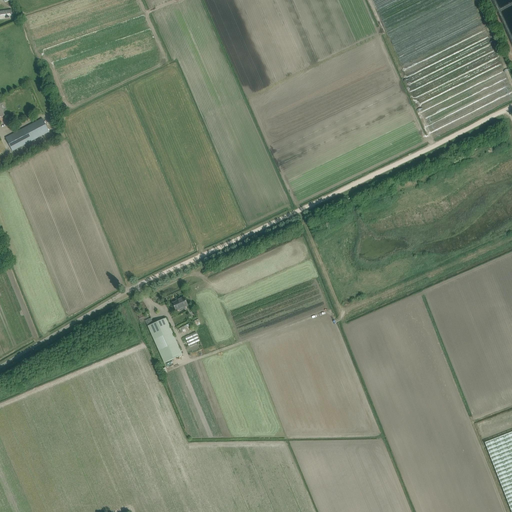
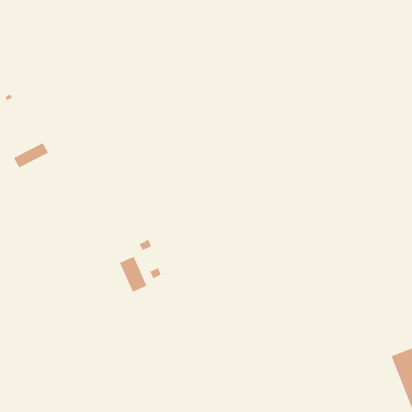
building: [6,118,50,150] -> [13,142,49,168]

